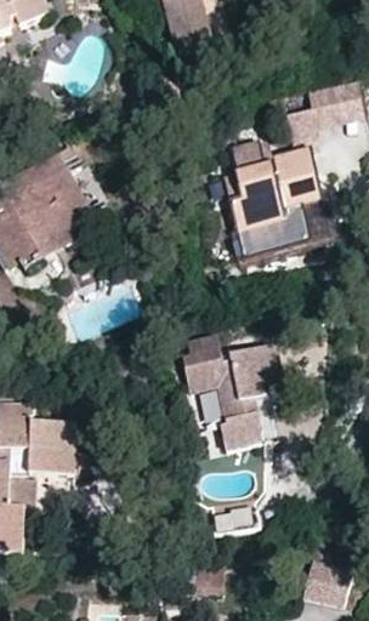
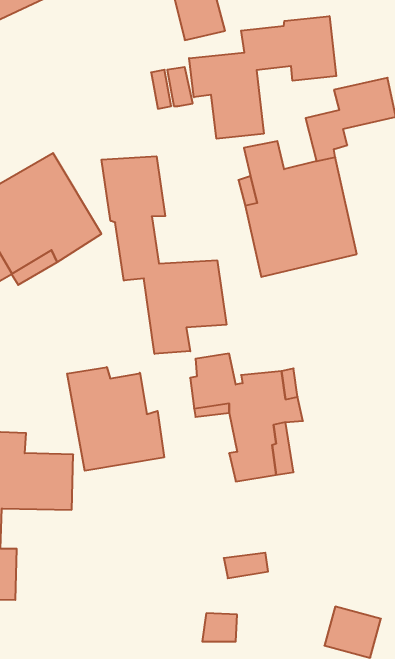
building: none -> [189,16,336,139]
building: none -> [102,156,226,354]
building: none -> [67,367,164,471]

